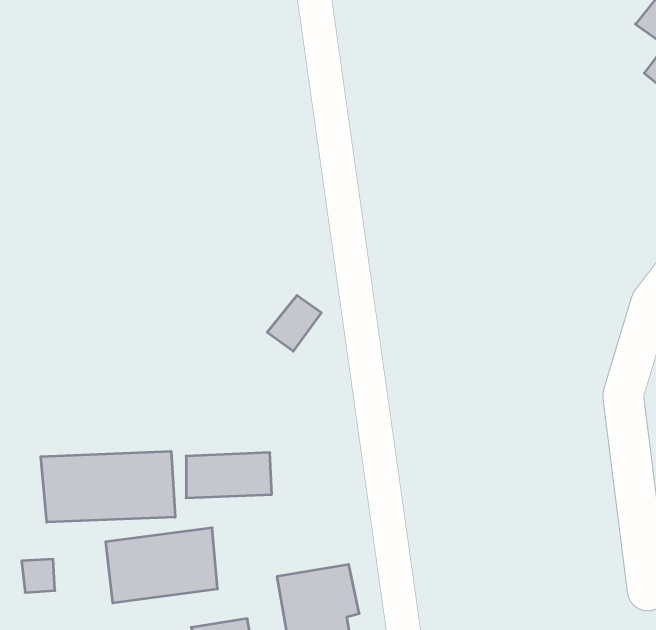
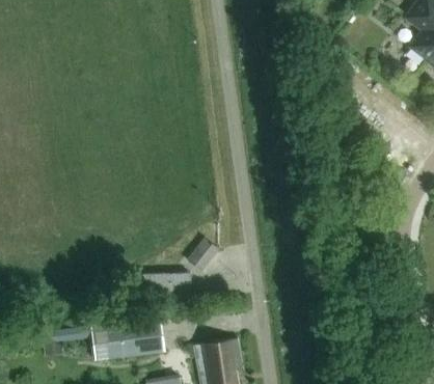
building: [267,295,321,351] -> [187,239,219,272]
building: [41,451,175,522] -> none

